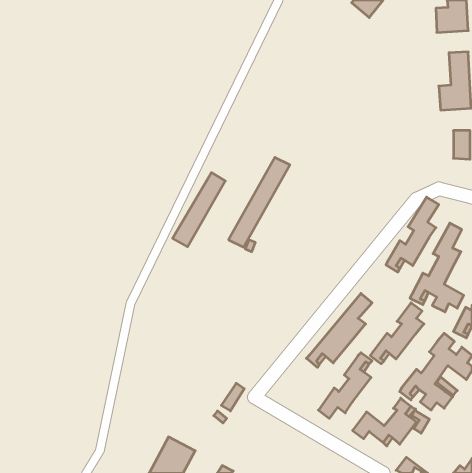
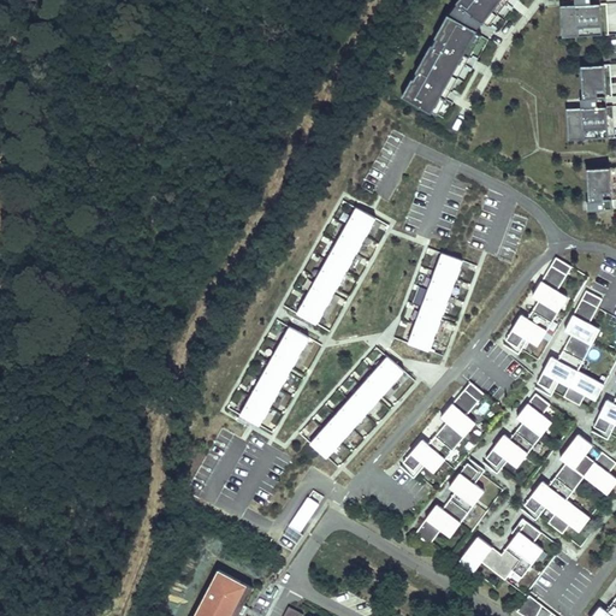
building: none -> [401,13,479,117]
building: [173,173,225,247] -> [239,328,308,425]
building: none -> [407,253,462,354]
building: none -> [308,357,403,460]

